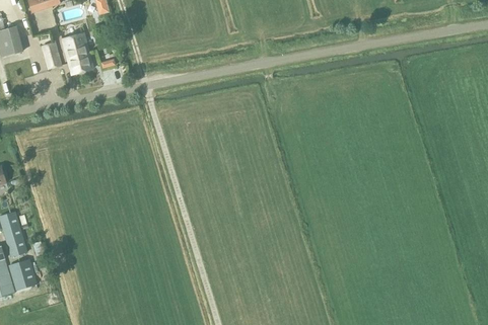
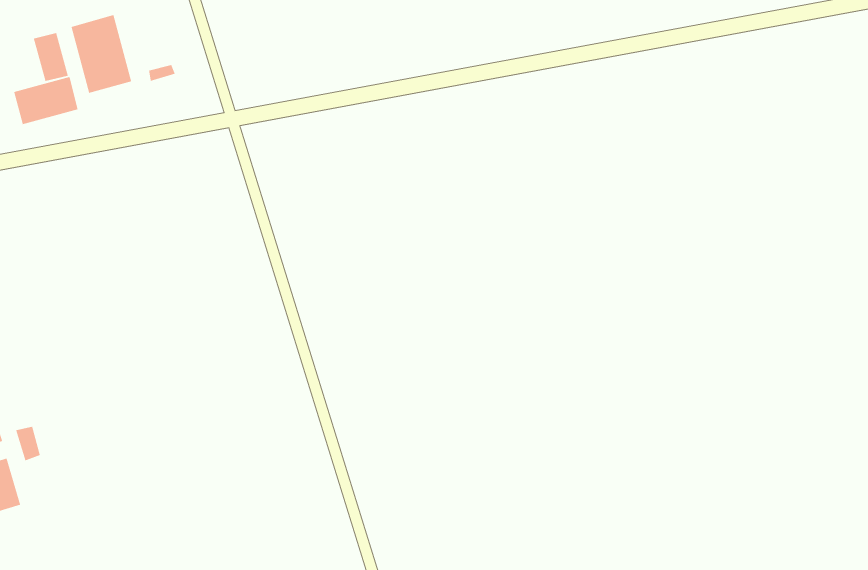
building: none -> [13,76,78,125]

